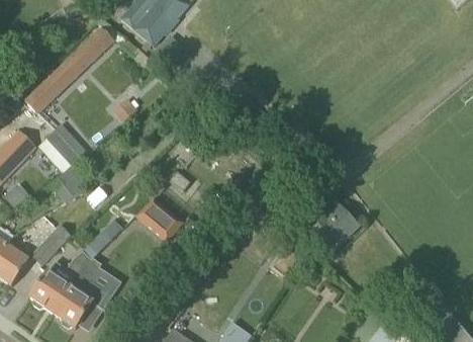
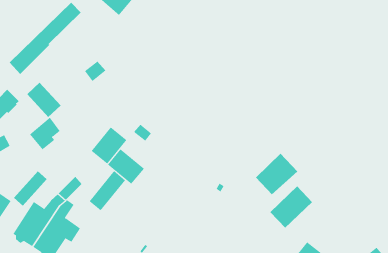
building: none -> [91,127,127,164]
building: none -> [89,170,126,211]
building: none -> [269,185,313,229]

